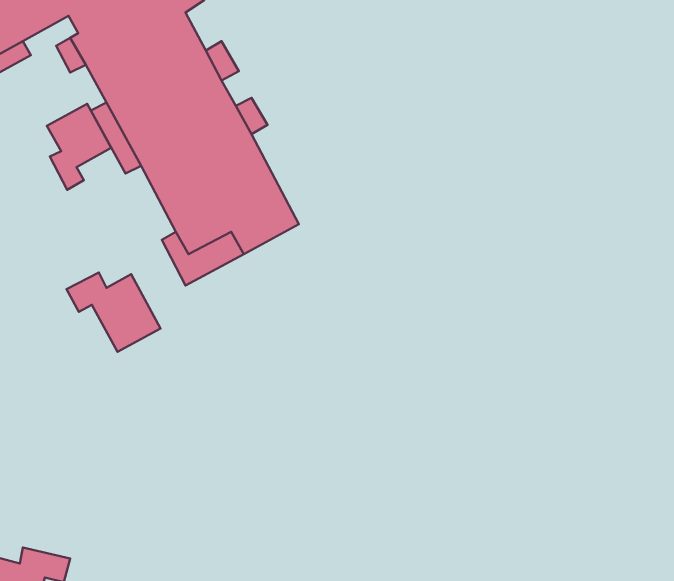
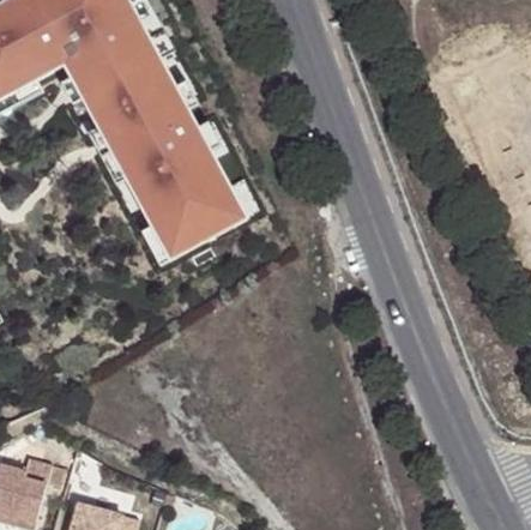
building: [47,104,111,190] -> none
building: [66,273,161,352] -> none

